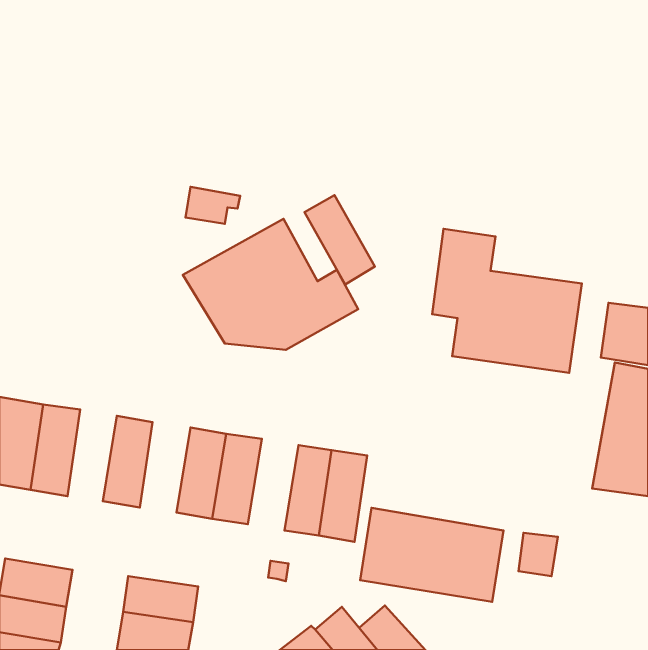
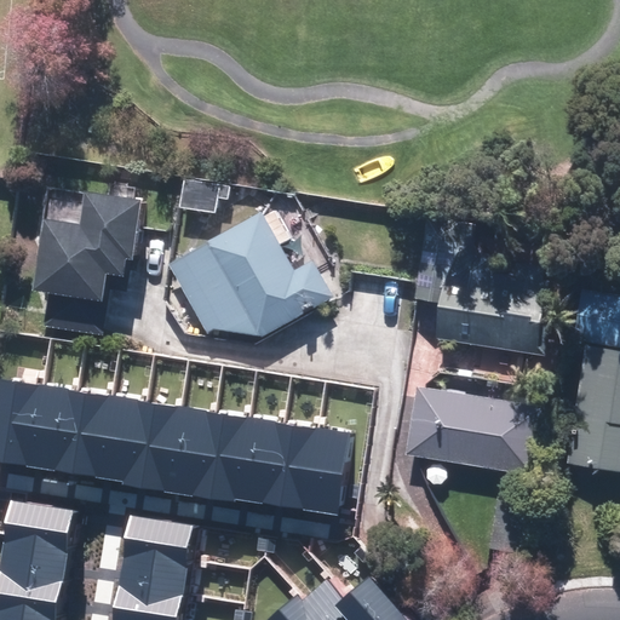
building: [304,195,375,284] -> none
building: none -> [30,190,147,334]
building: none -> [64,390,111,477]
building: none -> [133,402,182,488]
building: none -> [236,418,285,505]
building: [360,508,504,602] -> [404,386,541,476]
building: none -> [5,499,74,542]
building: none -> [122,515,194,558]

